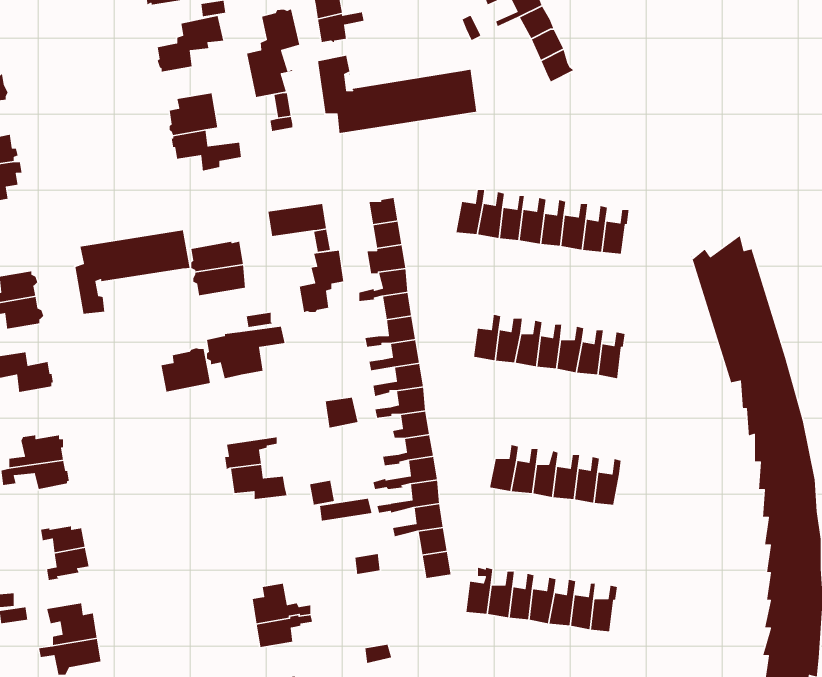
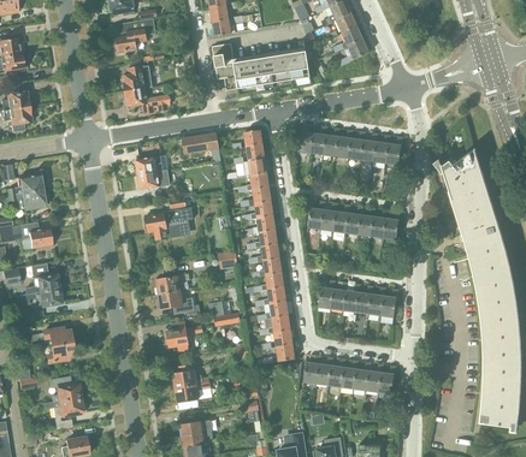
building: [246,8,300,98] -> none
building: [75,229,190,315] -> none
building: [299,250,344,313] -> none
building: [160,348,211,392] -> none
building: none -> [165,320,202,351]

